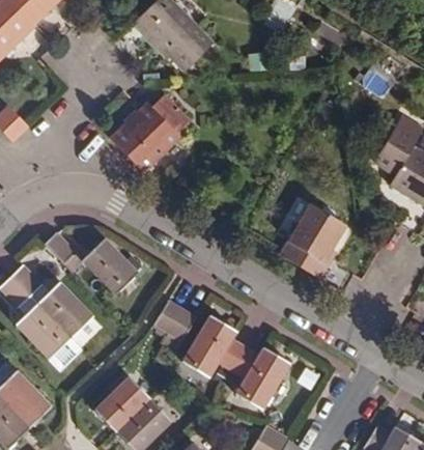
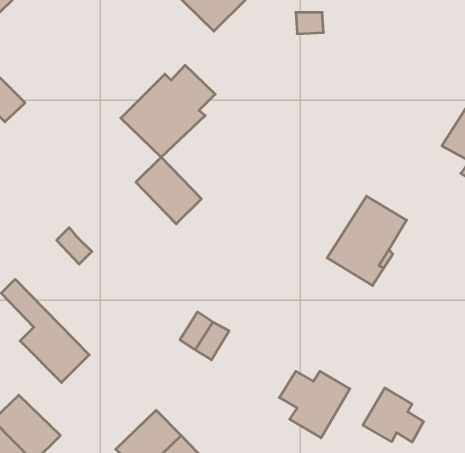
building: [85,242,139,297] -> [136,157,201,224]
building: [17,263,98,335] -> none
building: [190,317,248,370] -> none
building: none -> [363,388,424,442]

